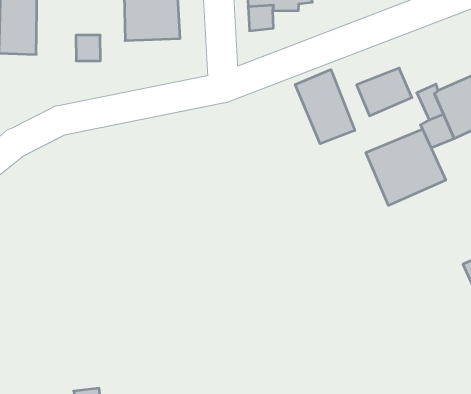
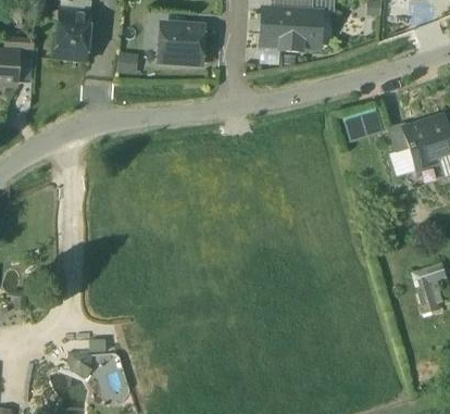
building: [295,70,355,144] -> none
building: [366,129,446,205] -> none

